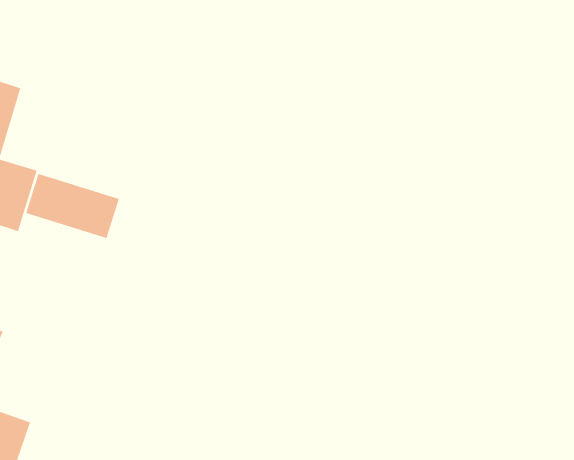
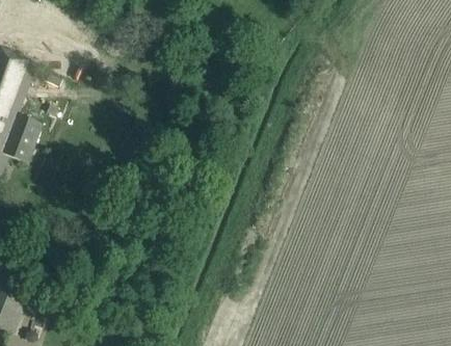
building: [25,173,119,239] -> none

